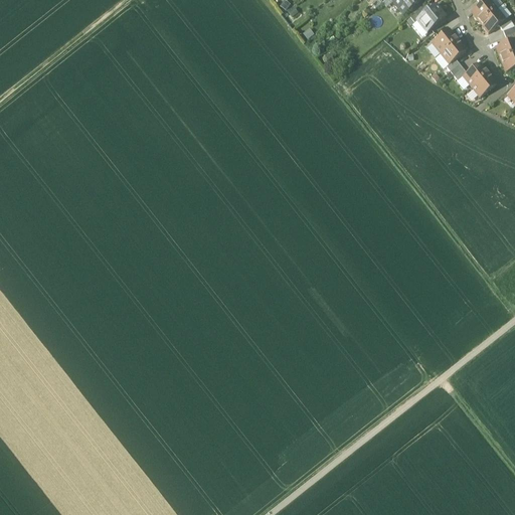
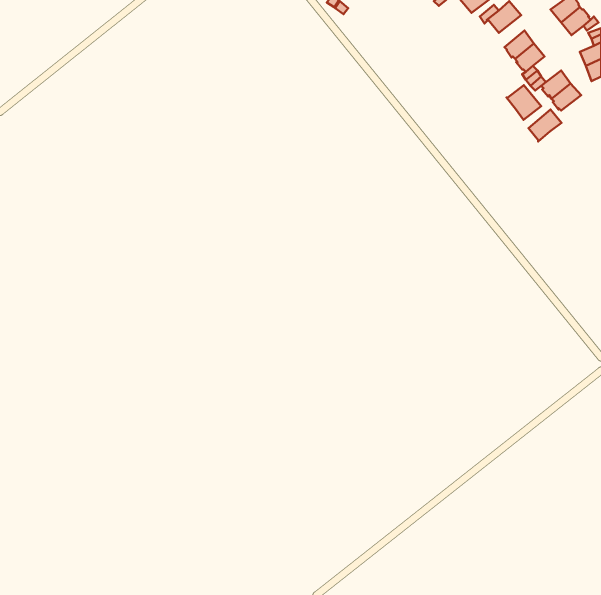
building: none -> [507,85,541,120]
building: none -> [528,109,561,142]

